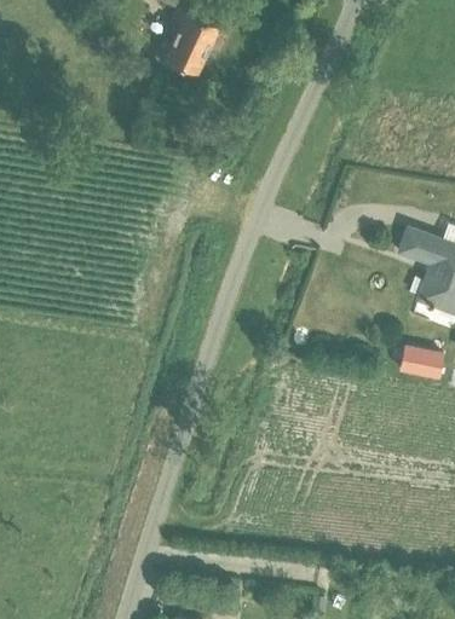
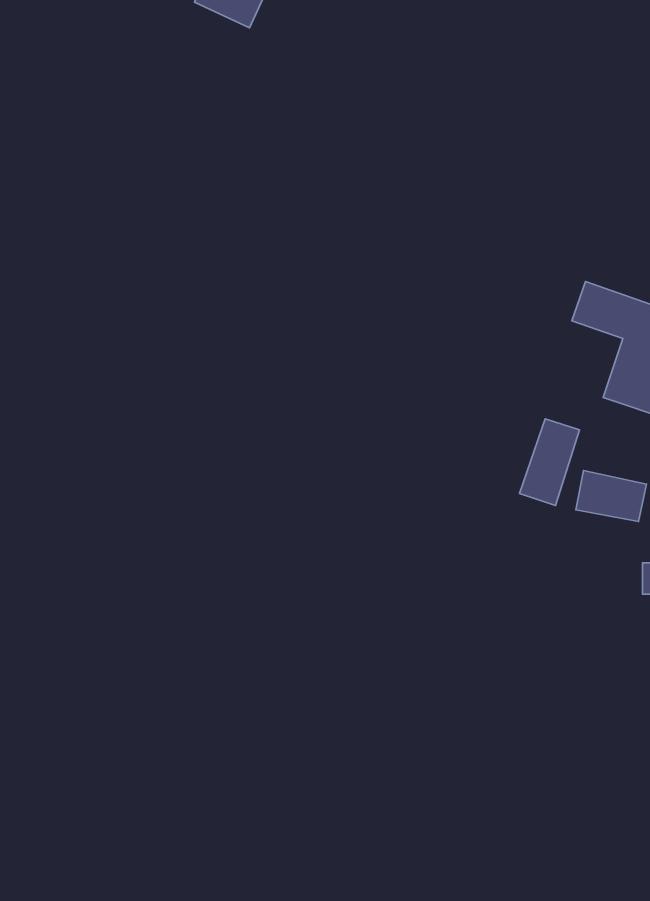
building: none -> [520,419,580,505]

